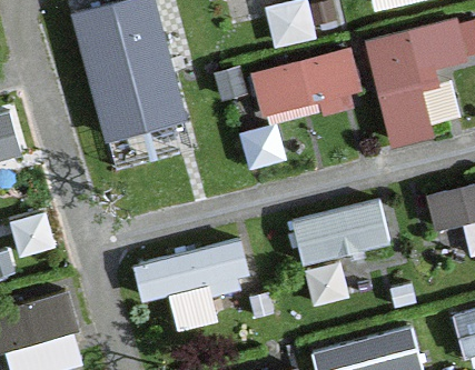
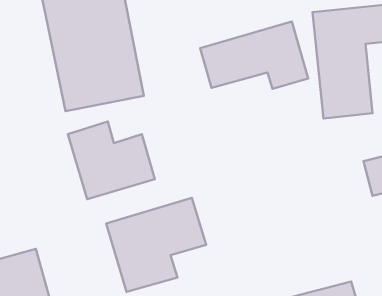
building: none -> [68,121,155,199]
building: [289,196,393,270] -> none

